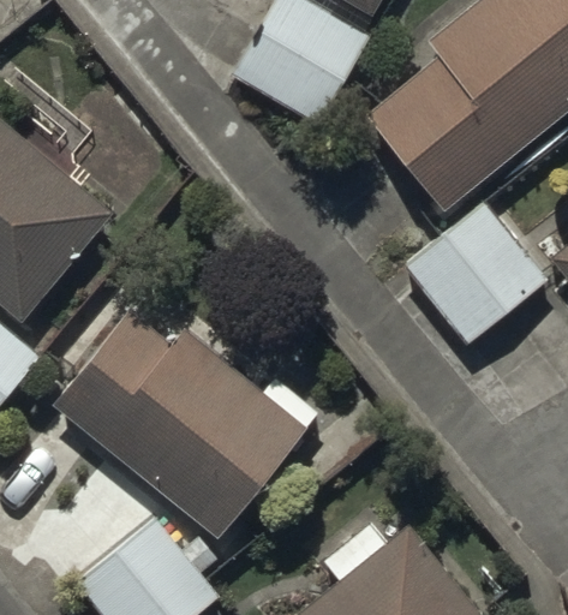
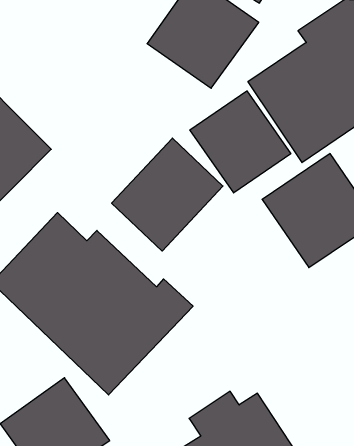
building: none -> [190,91,291,193]
building: none -> [112,138,223,251]

